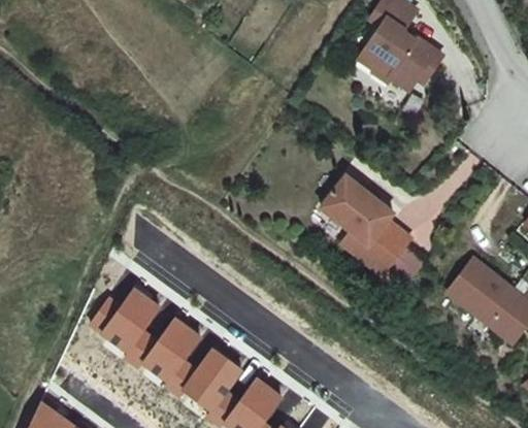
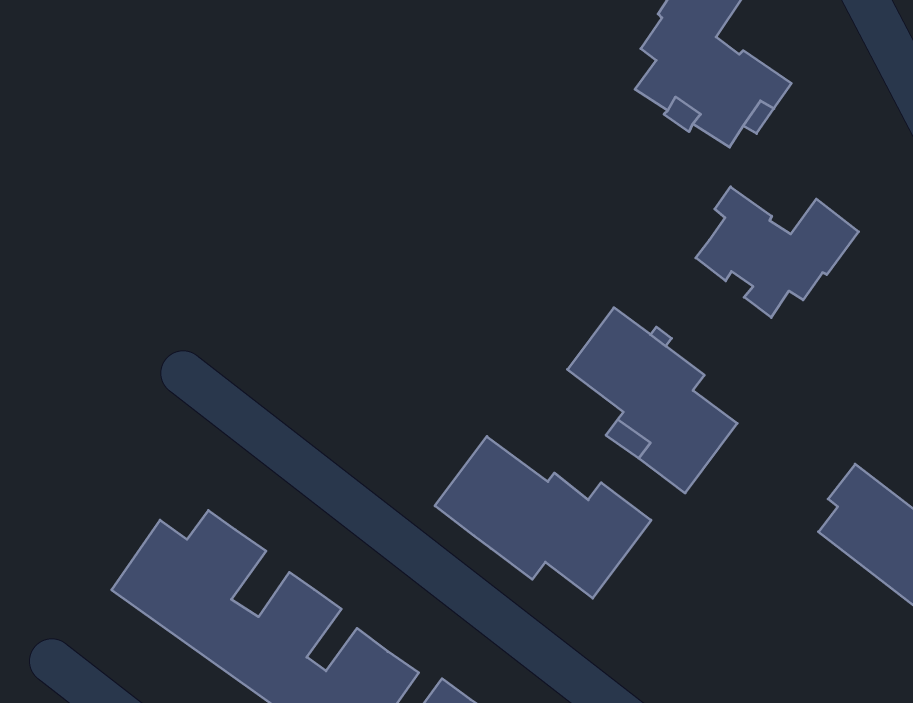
building: none -> [696,187,859,318]
building: none -> [435,436,651,598]

